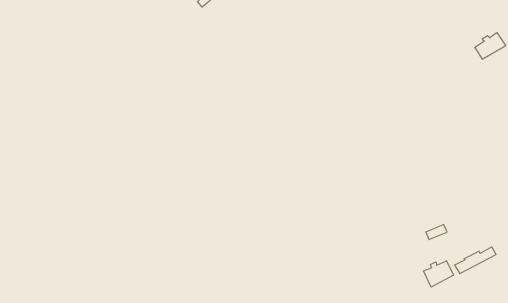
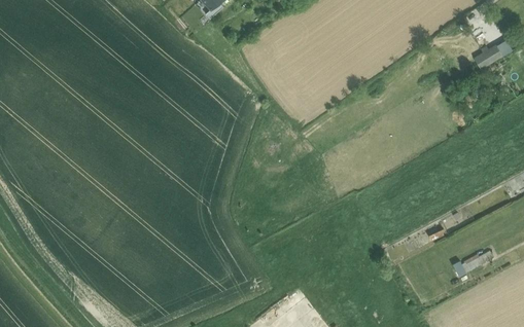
building: [424,261,454,287] -> none

